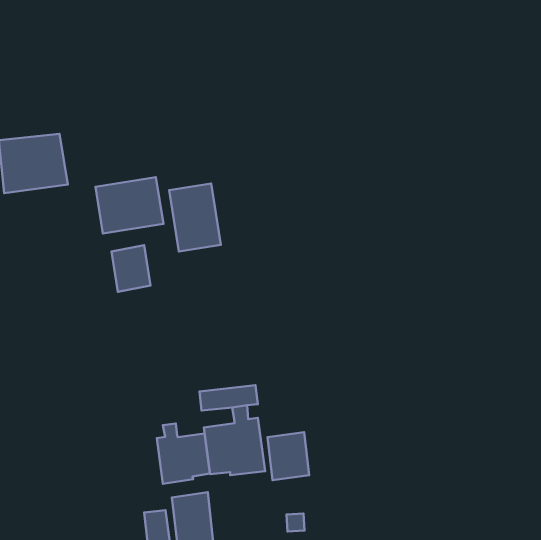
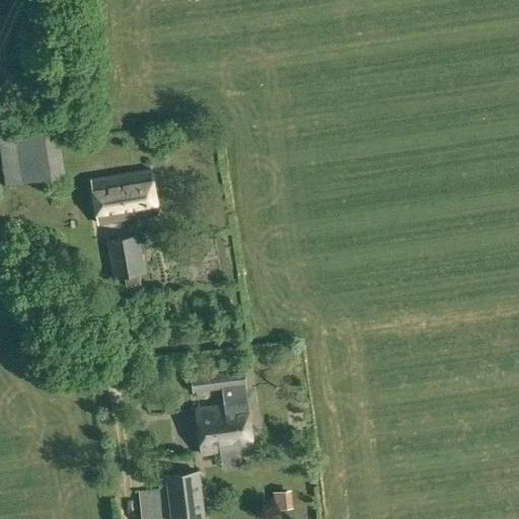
building: [169,183,221,251] -> none
building: [157,423,210,484] -> none
building: [268,432,309,480] -> none

